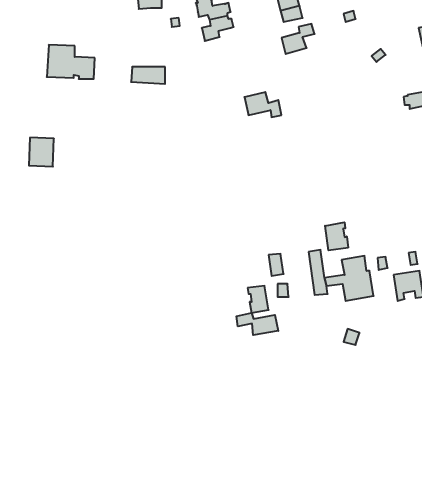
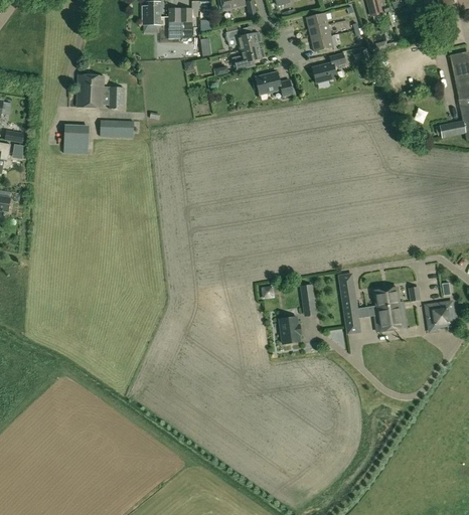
building: [131,67,165,84] -> [100,121,134,138]
building: [244,92,281,117] -> [256,71,293,97]
building: [29,138,54,167] -> [64,125,90,154]
building: [325,222,348,250] -> none
building: [236,313,278,335] -> none

